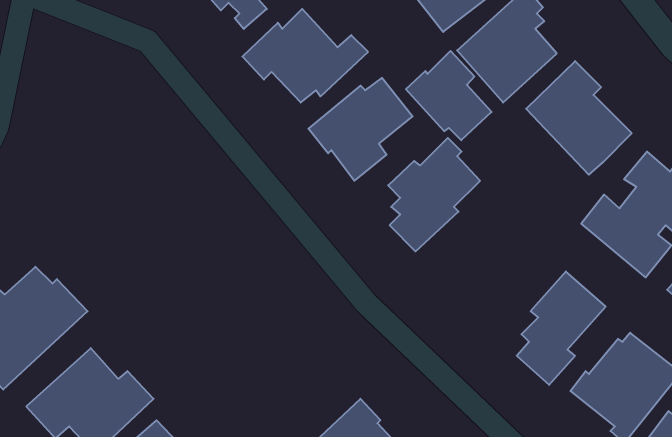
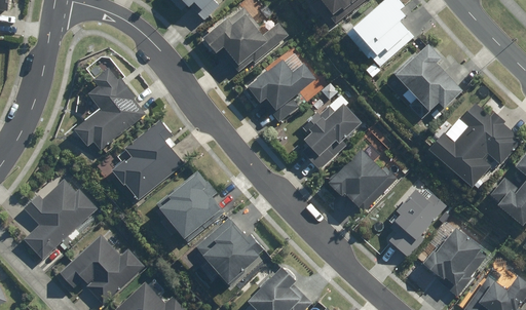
building: [406,51,492,140] -> none
building: none -> [74,68,144,150]
building: none -> [110,118,183,201]
building: none -> [327,150,398,214]
building: none -> [155,170,224,243]
building: none -> [195,217,266,284]

